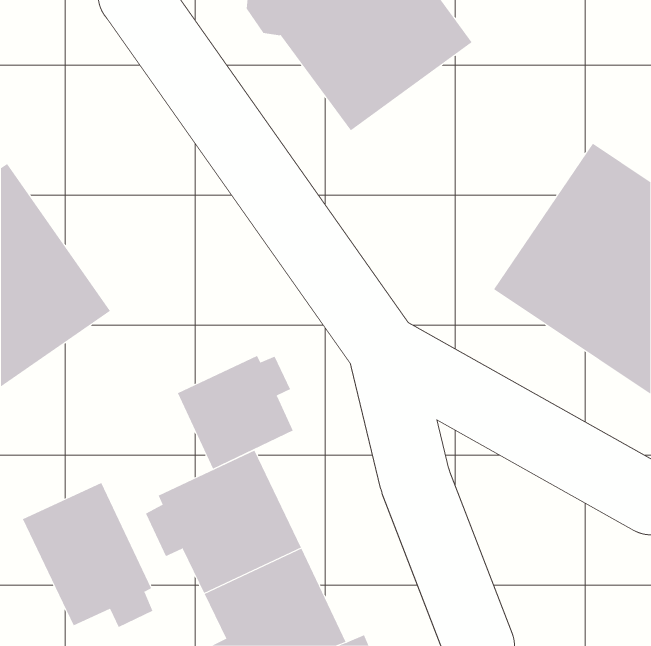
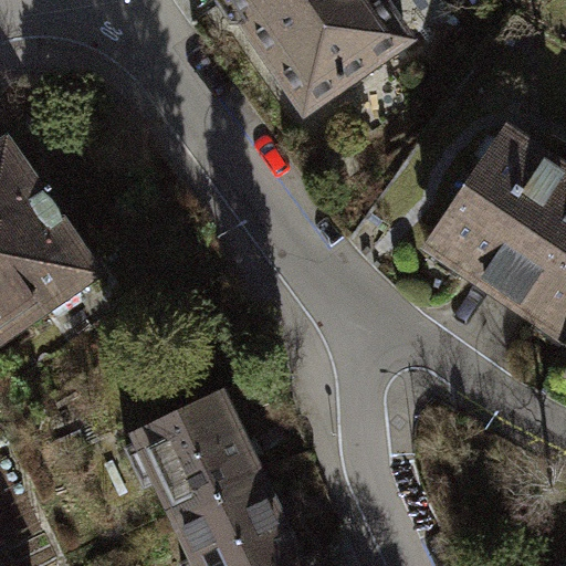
building: [177,355,294,470] -> none
building: [22,482,153,628] -> none

